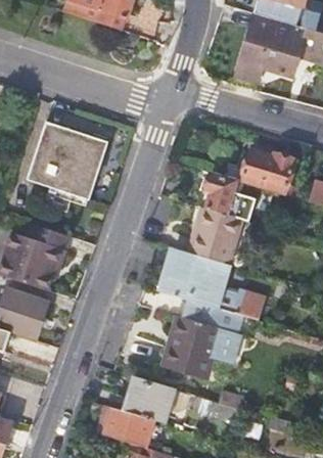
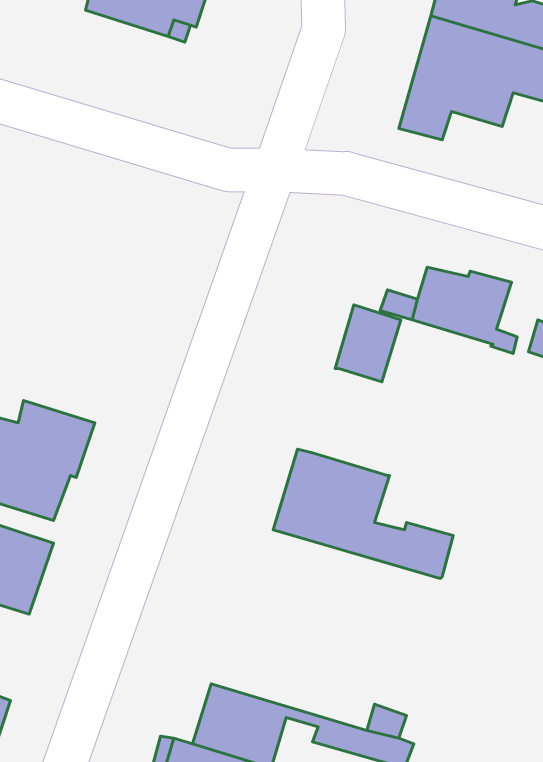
building: [28,121,107,198] -> none
building: [189,205,244,264] -> none
building: [160,314,239,379] -> none

